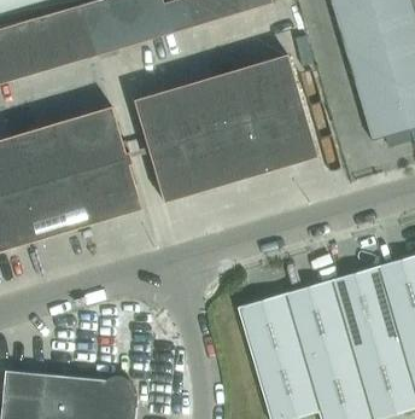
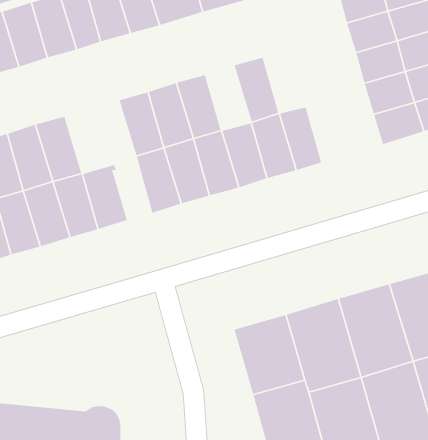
building: [264,54,303,112] -> none
building: [212,69,253,128] -> none
building: [86,106,130,167] -> none

